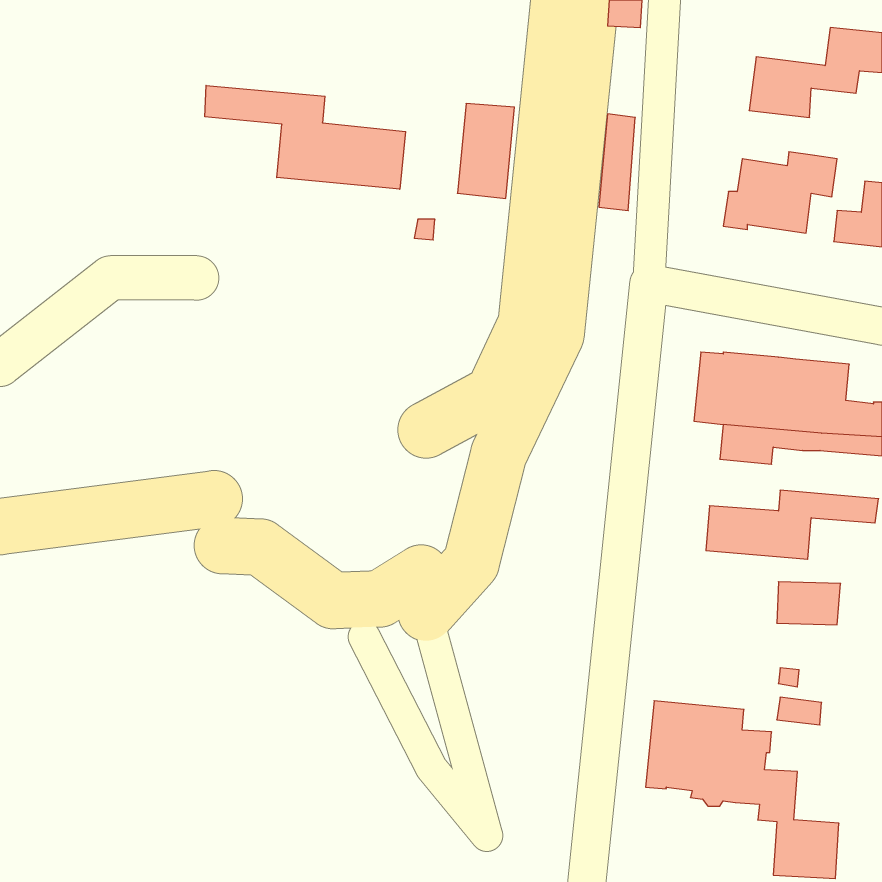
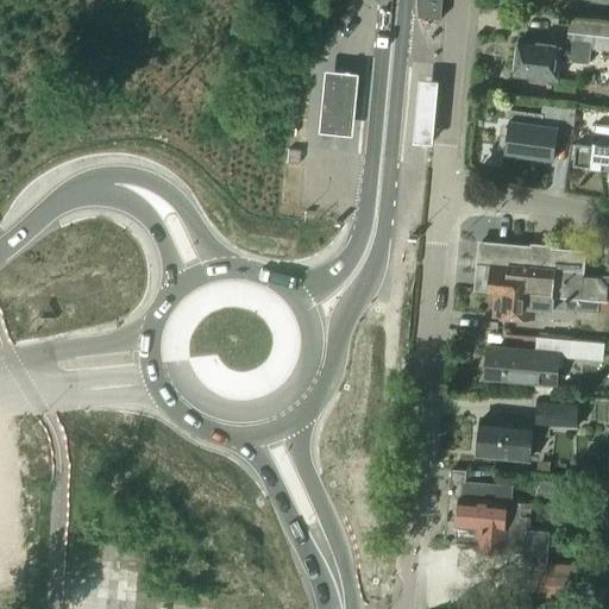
building: [205,85,406,189] -> none
building: none -> [477,420,533,462]

